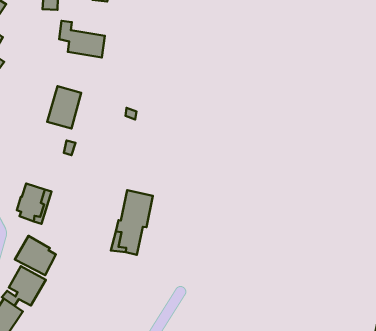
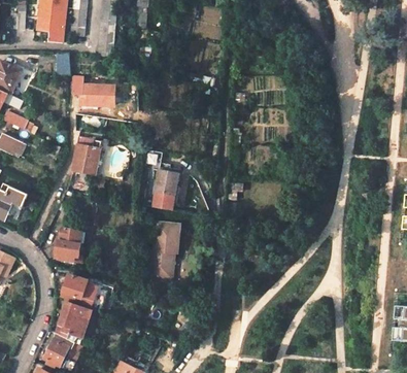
building: none -> [154,169,178,210]

